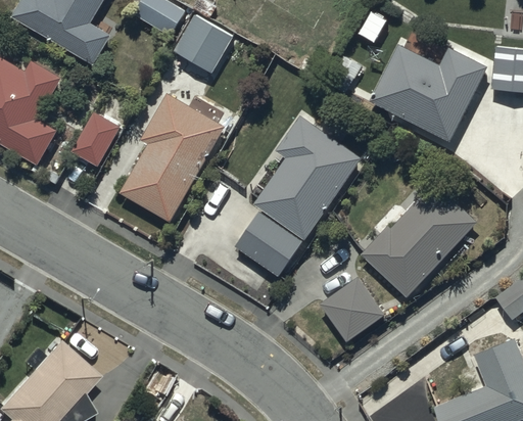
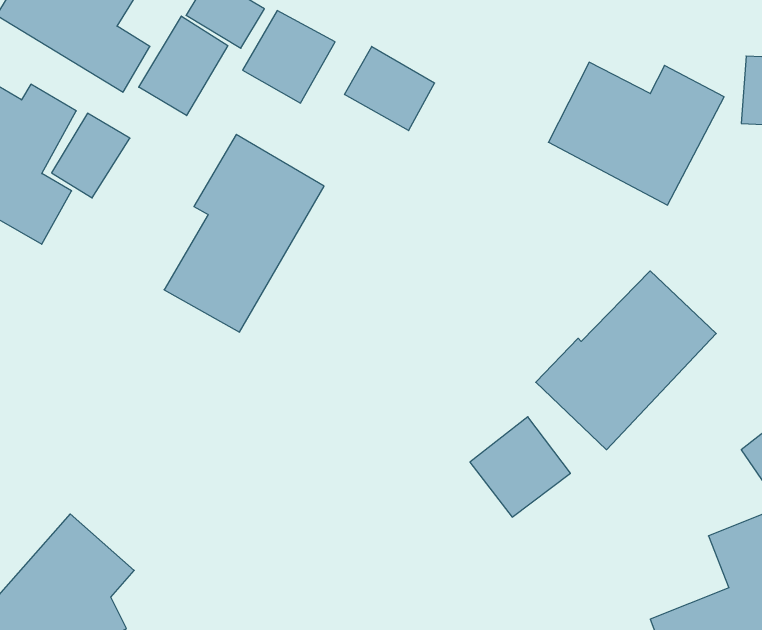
building: none -> [139,16,228,116]
building: none -> [345,46,435,131]
building: [70,112,122,168] -> [52,113,130,198]
building: [233,115,362,280] -> none

